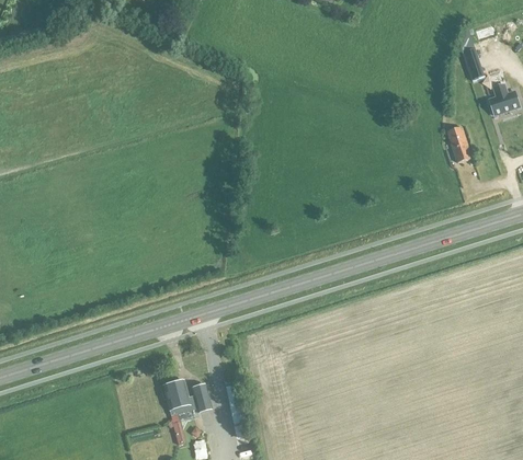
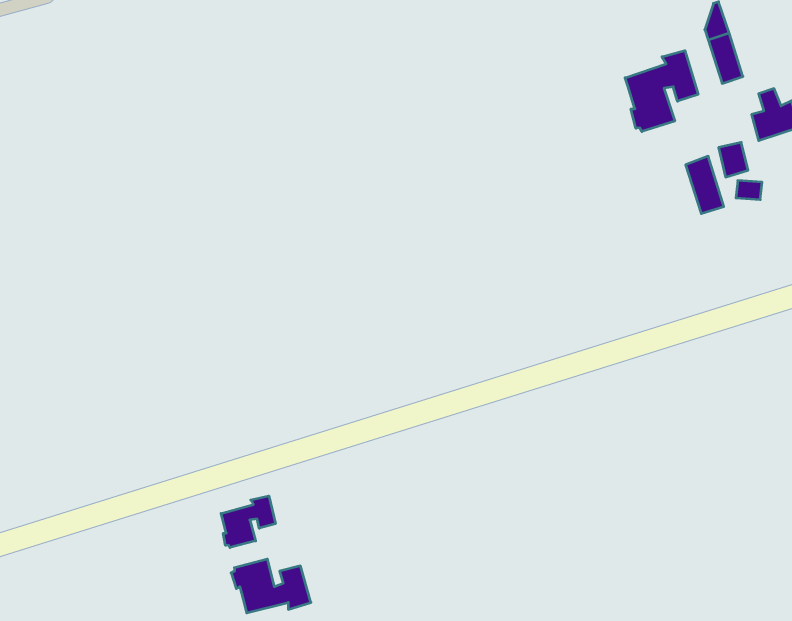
building: none -> [625,51,698,132]
building: none -> [221,496,275,548]

